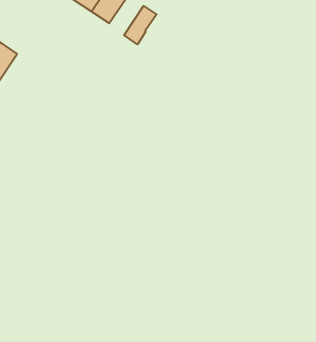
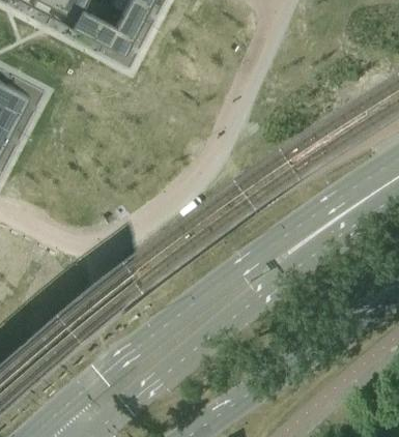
building: [124,6,157,44] -> none

